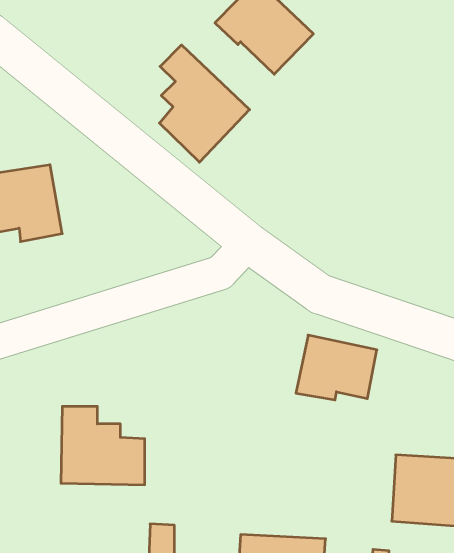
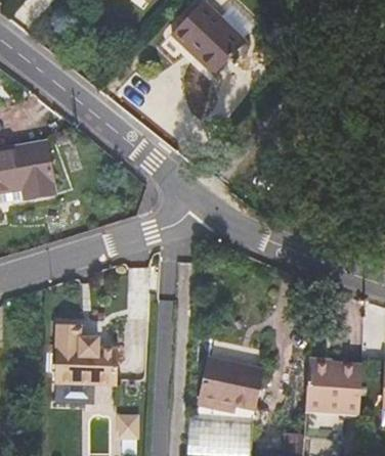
building: [159,45,250,162] -> none
building: [296,335,377,400] -> [200,359,261,408]

